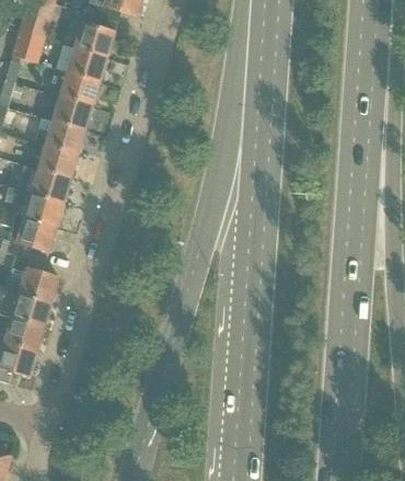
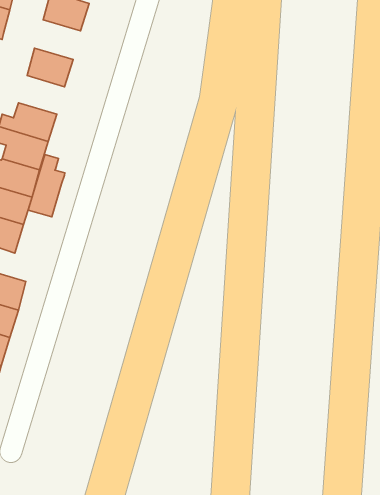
building: [55,42,107,80] -> none
building: [53,94,93,128] -> none
building: none -> [28,154,65,217]

